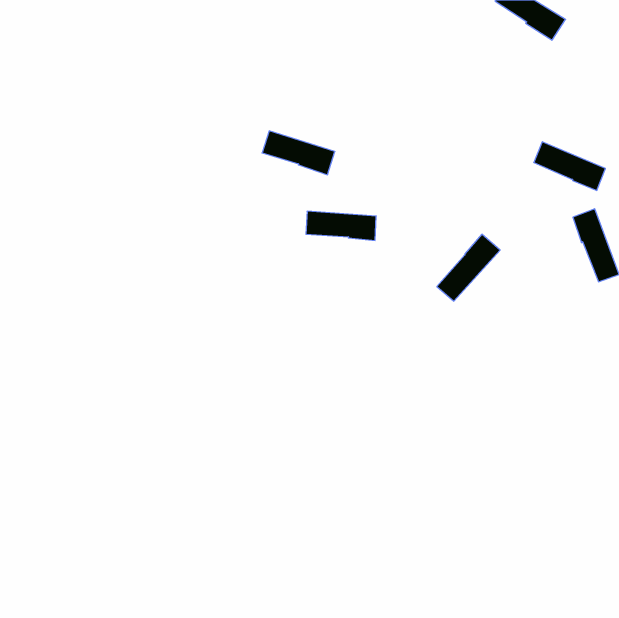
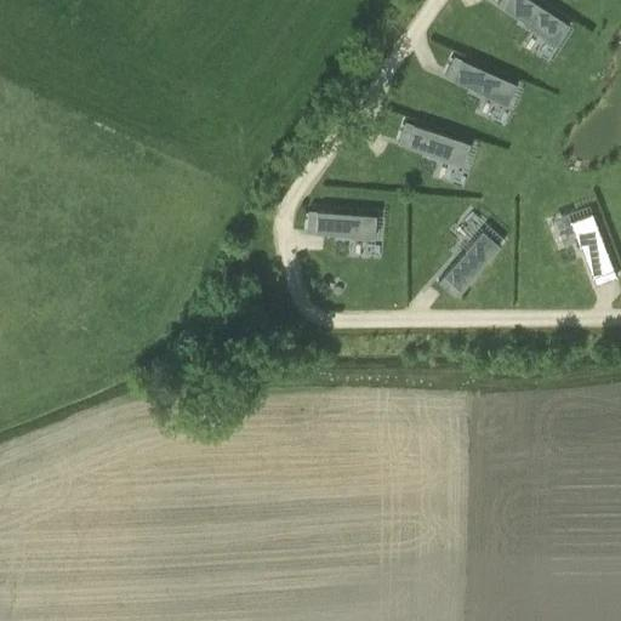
building: [262,131,335,175] -> [395,121,468,165]
building: [534,142,605,190] -> [445,57,517,106]

